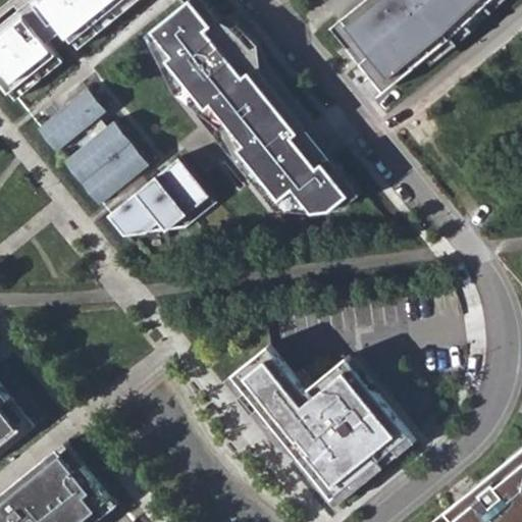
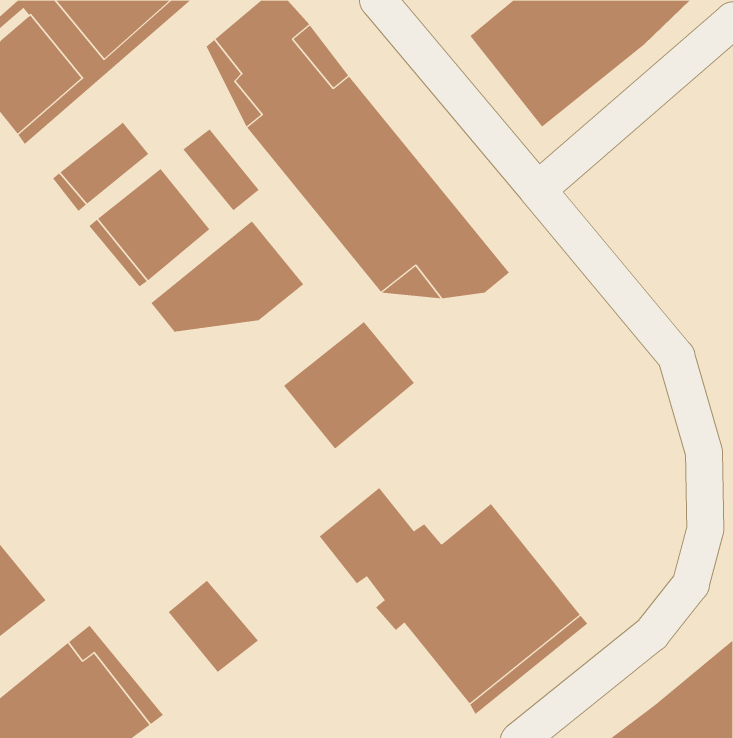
building: none -> [182,129,260,211]
building: none -> [283,321,415,449]
building: none -> [168,580,259,673]

